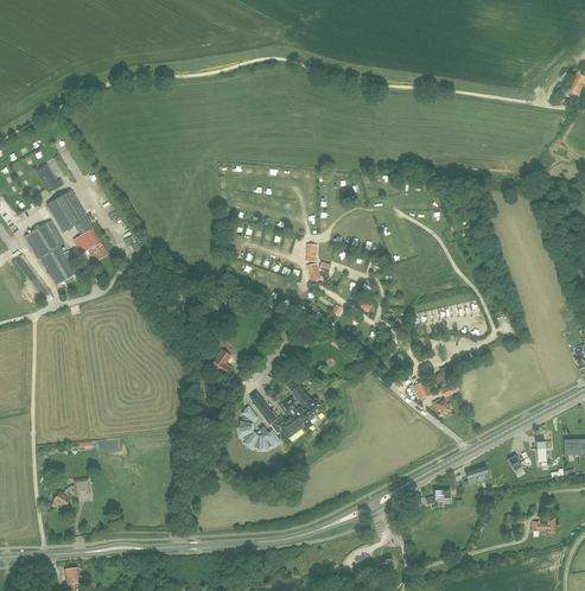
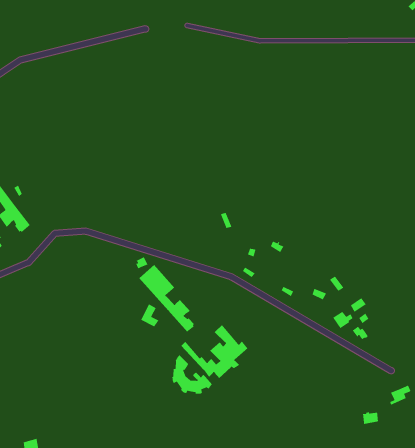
building: none -> [138,264,195,333]

